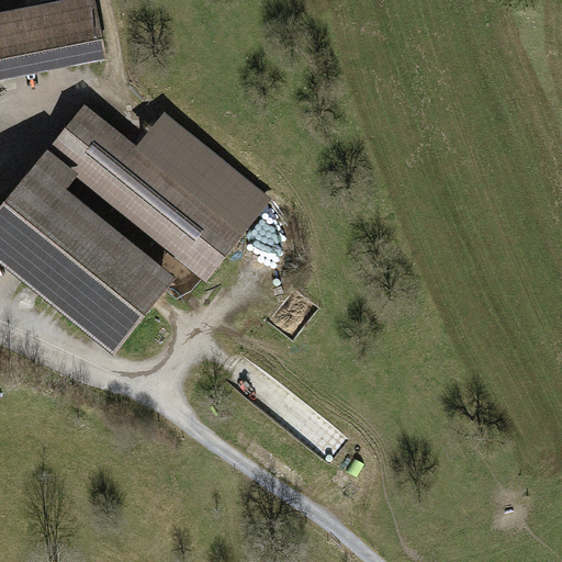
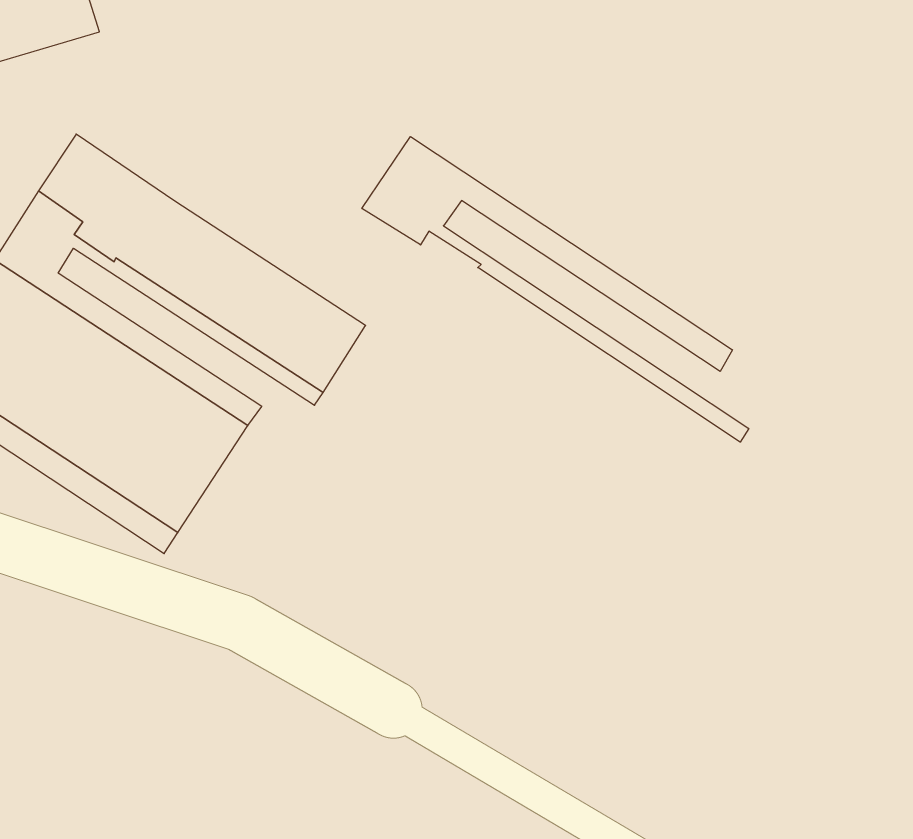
building: [134,114,265,232] -> none
building: none -> [362,137,749,442]

